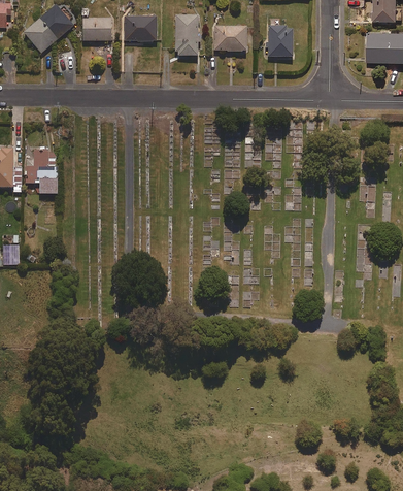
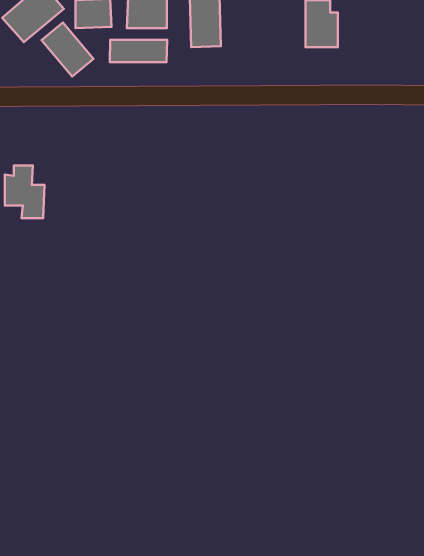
building: [213,25,246,51] -> none
building: none -> [41,23,94,76]
building: none -> [110,40,167,62]

